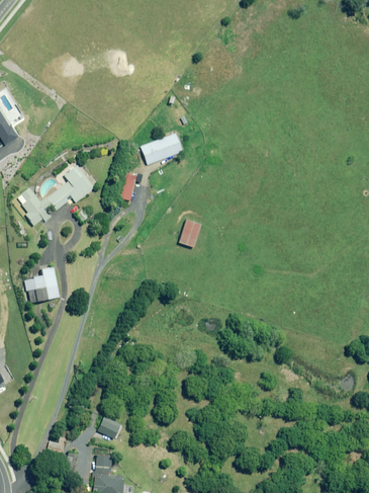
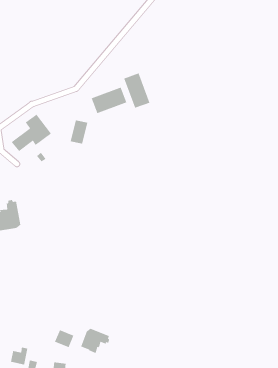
building: none -> [124,73,150,108]
building: [179,219,201,247] -> none
building: none -> [80,328,110,354]

